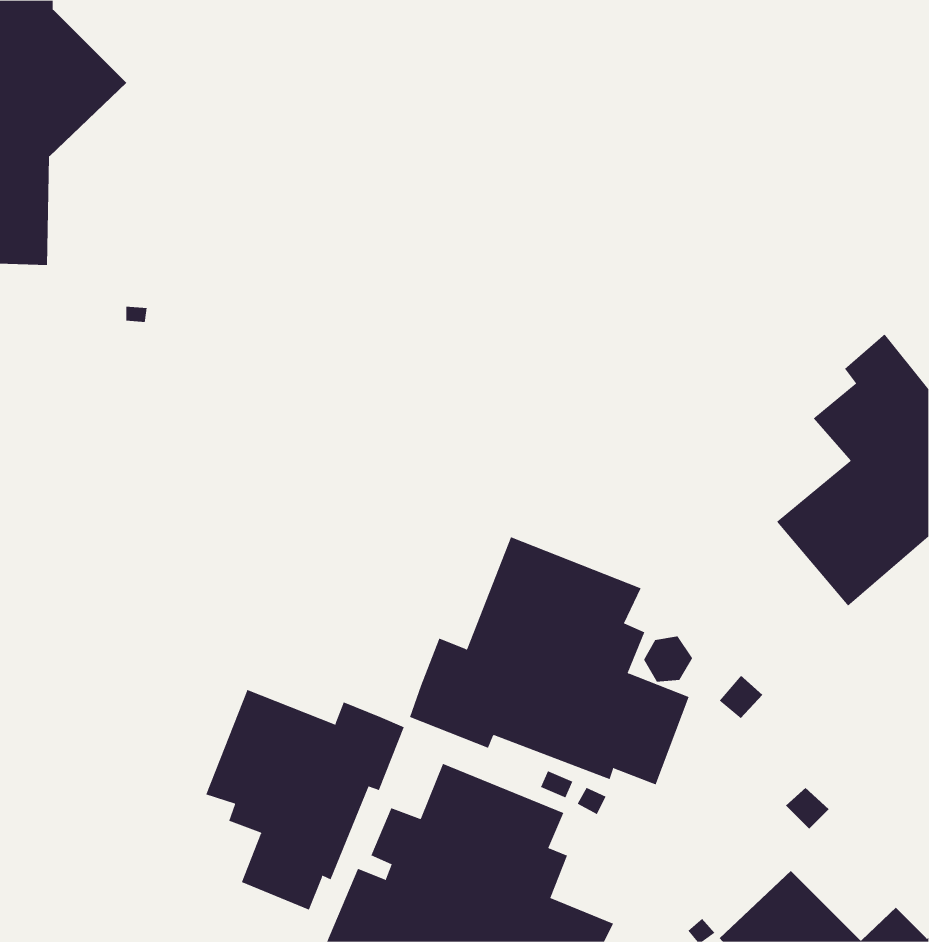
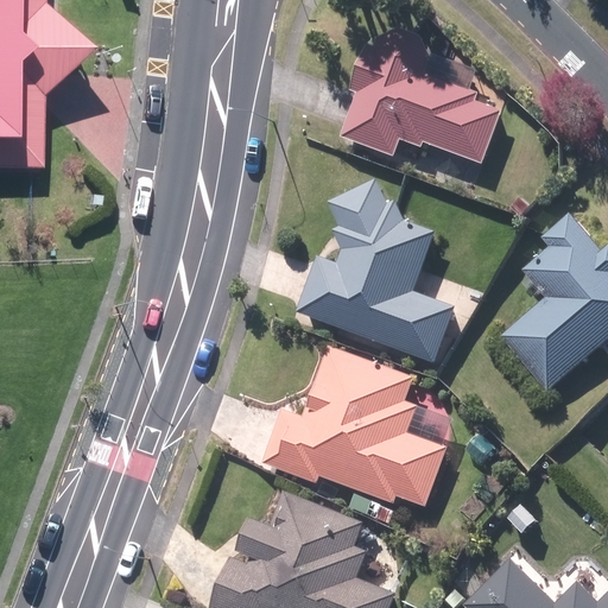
building: none -> [341,27,502,164]
building: none -> [296,180,455,363]
building: [206,689,404,911] -> none

